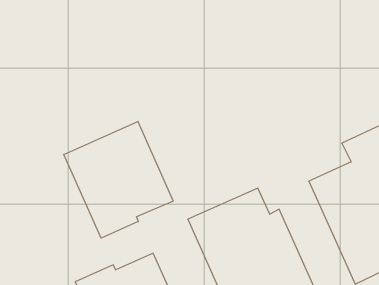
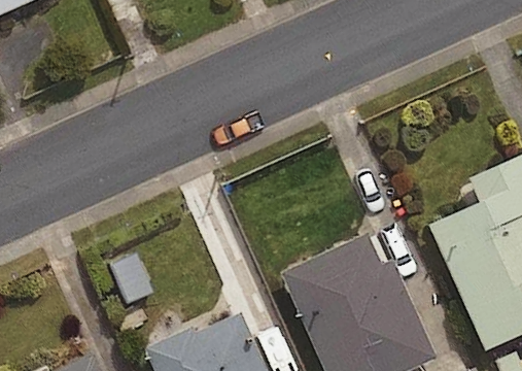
building: [64,121,173,238] -> none

